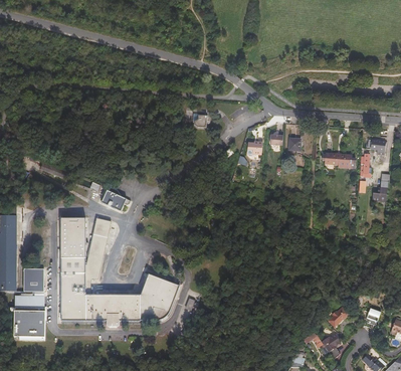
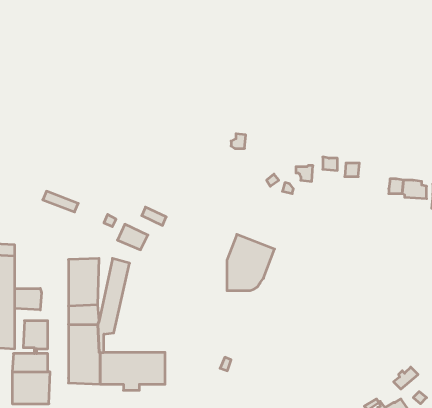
building: none -> [15,288,41,310]
building: [141,273,180,320] -> [227,234,275,291]

